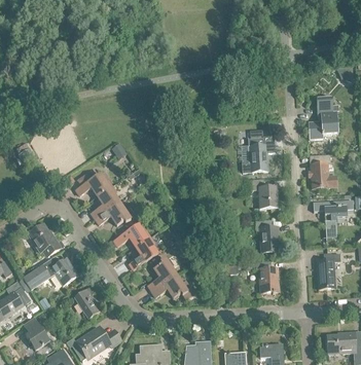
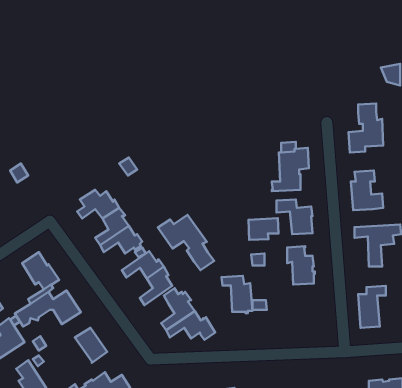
building: none -> [158,215,214,270]
building: none -> [248,218,278,240]
building: [251,261,278,293] -> [221,276,253,313]

